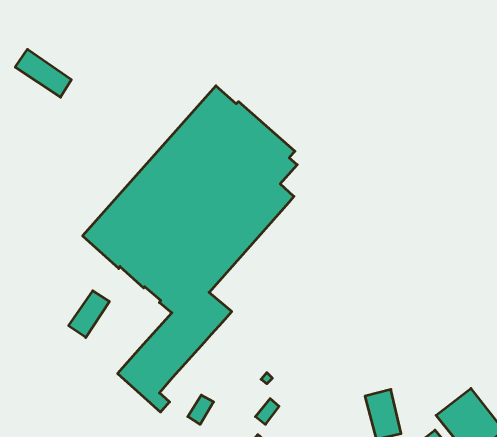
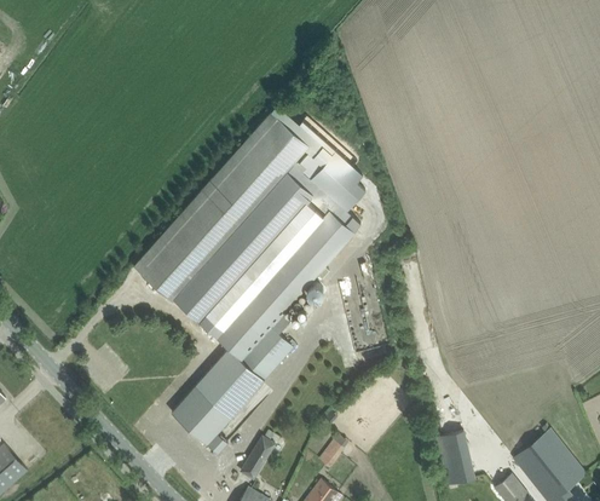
building: [15,49,71,97] -> none
building: [69,291,109,338] -> none

